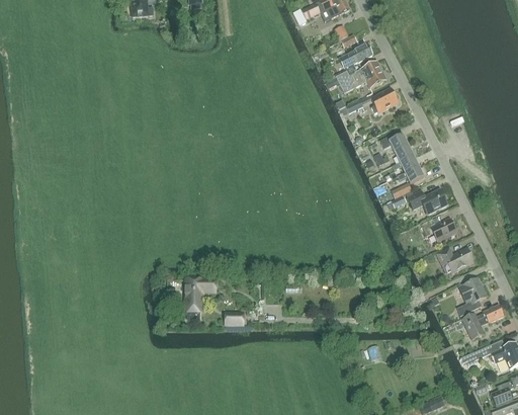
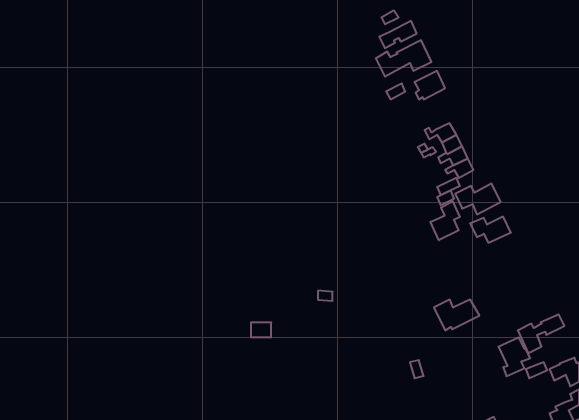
building: none -> [430,201,460,240]
building: [435,247,476,274] -> [434,300,479,330]
building: [458,278,487,313] -> [498,338,530,376]
building: [185,279,215,321] -> none

